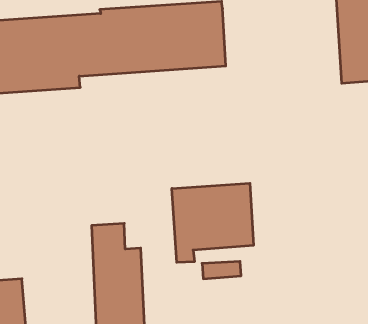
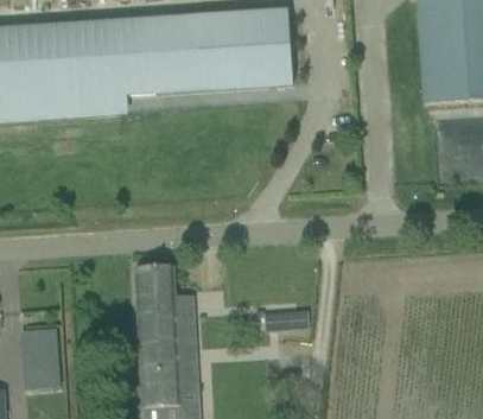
building: [172,183,253,262] -> none

